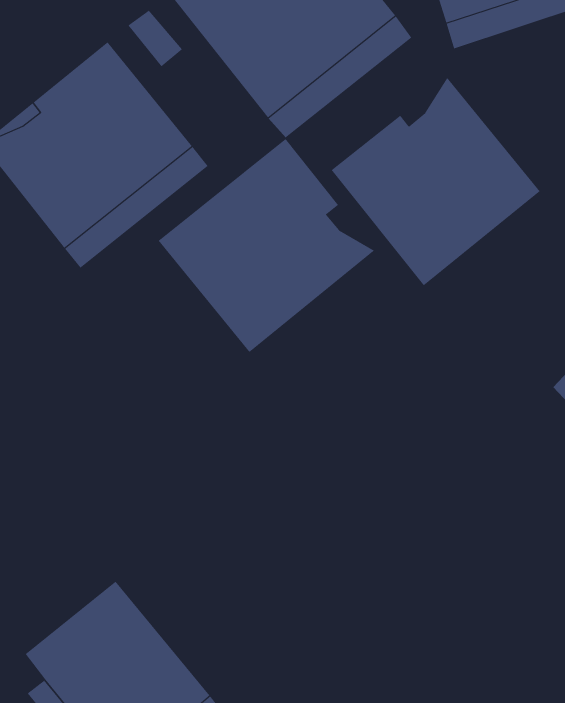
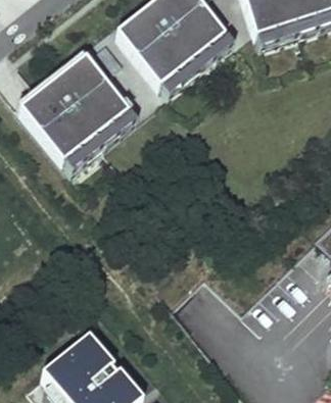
building: [331,77,540,286] -> none
building: [158,138,375,353] -> none

